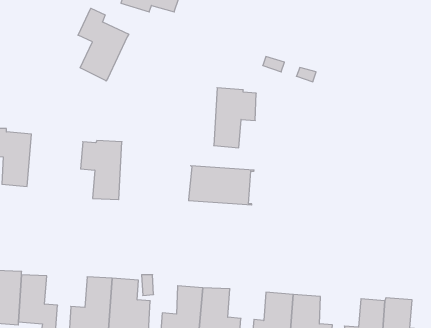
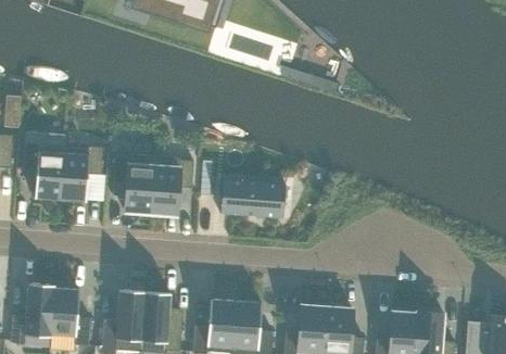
building: [78,8,129,81] -> none
building: [214,88,256,148] -> [150,155,192,215]
building: none -> [59,147,102,202]

